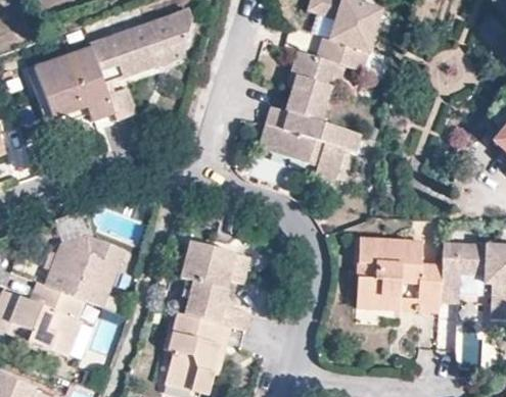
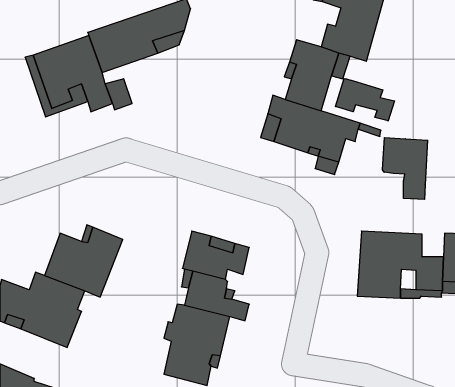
building: none -> [336,79,395,121]
building: none -> [383,138,428,199]

